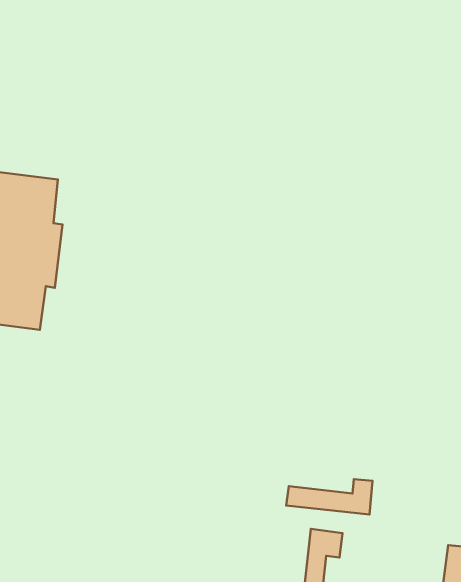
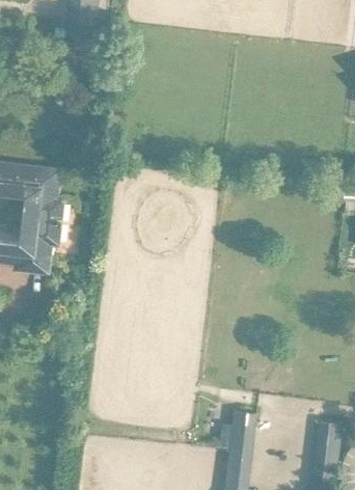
building: [286,479,372,515] -> none

